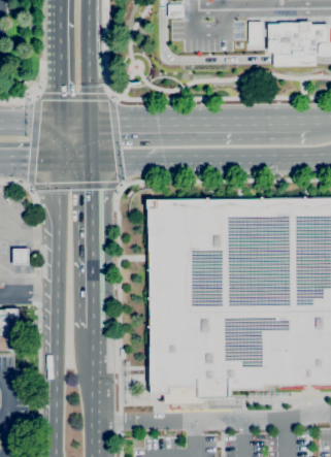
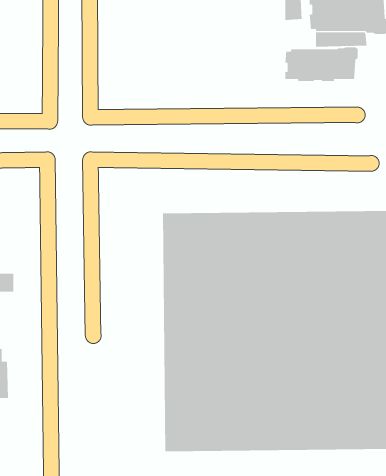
building: none -> [285,46,358,82]

